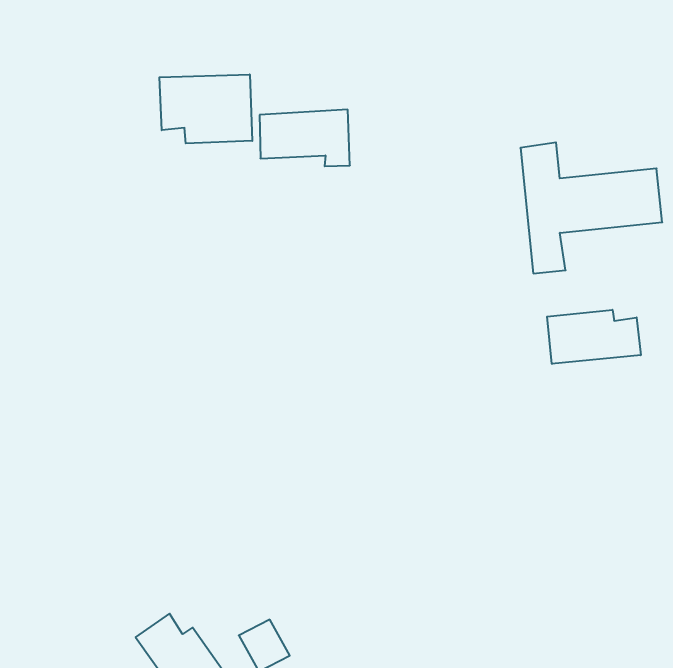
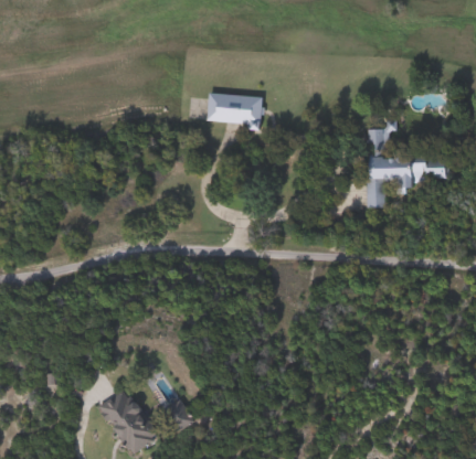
building: [159,74,252,143] -> none
building: [547,310,641,364] -> none

